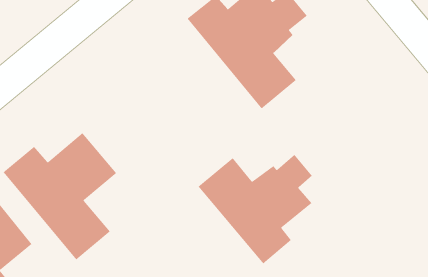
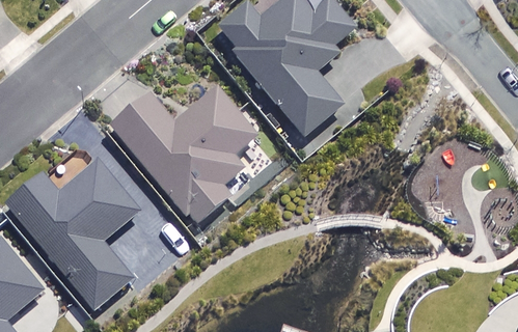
building: none -> [114,88,256,223]
building: [198,154,313,264] -> none

